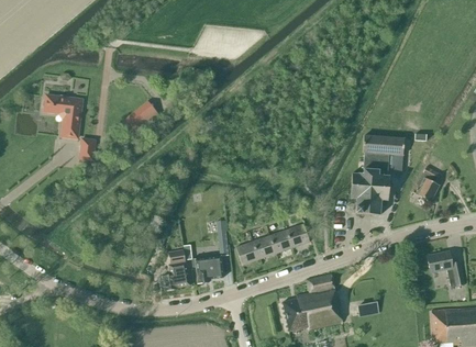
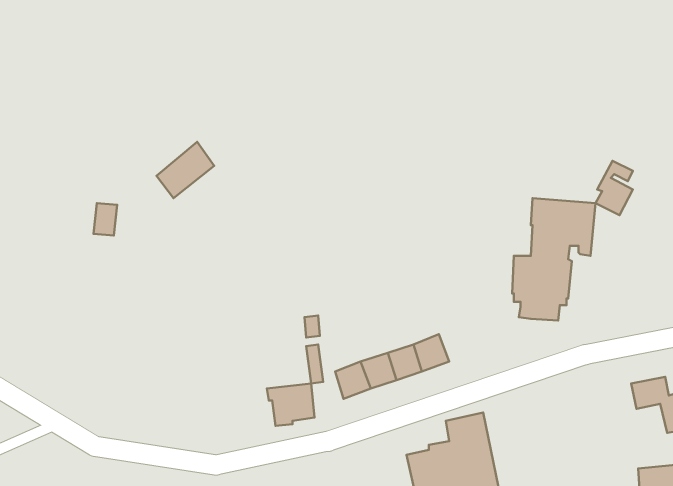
building: [44,94,82,137] -> none
building: [416,166,440,201] -> [596,161,633,215]
building: [159,249,190,290] -> none

